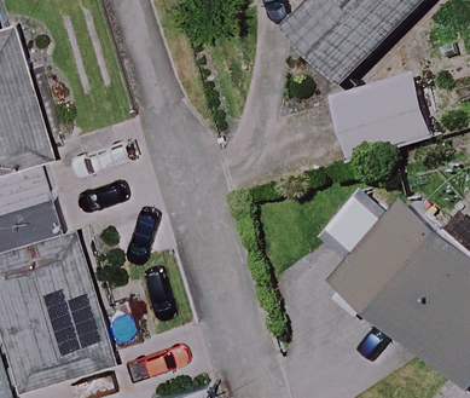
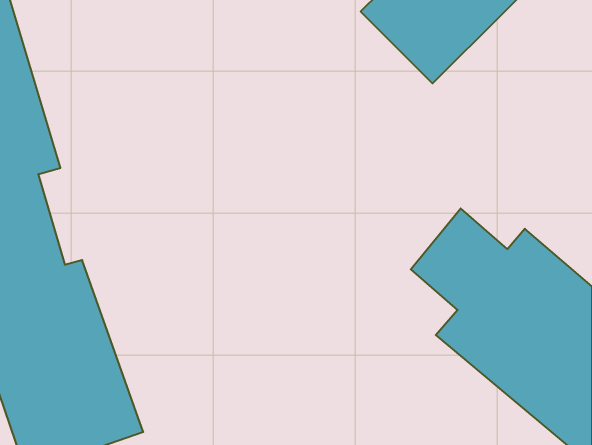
building: [329,74,433,163] -> none

